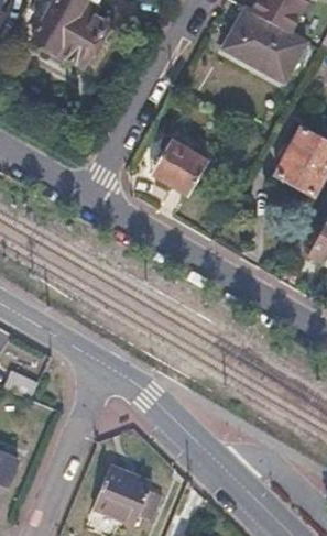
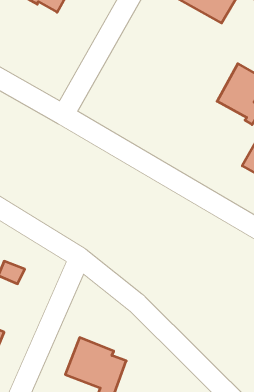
building: [157,139,208,193] -> none

